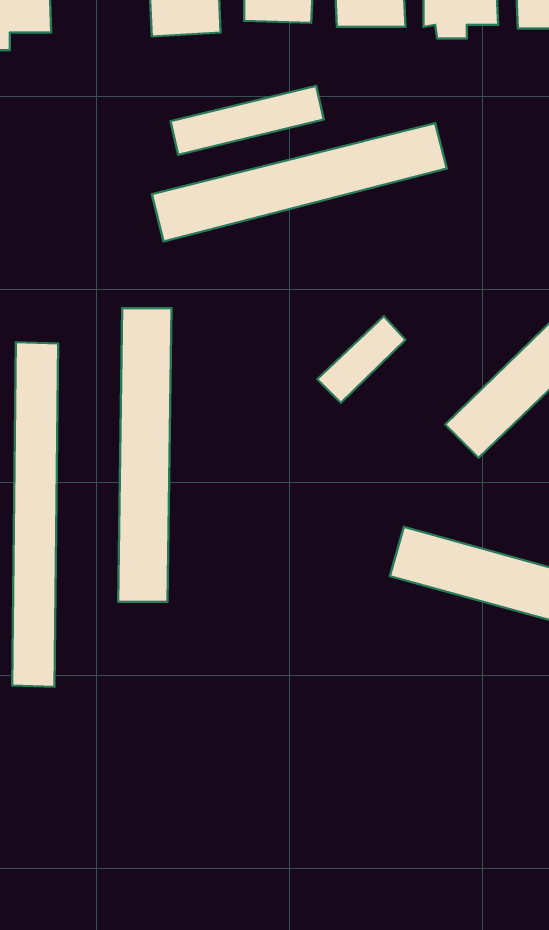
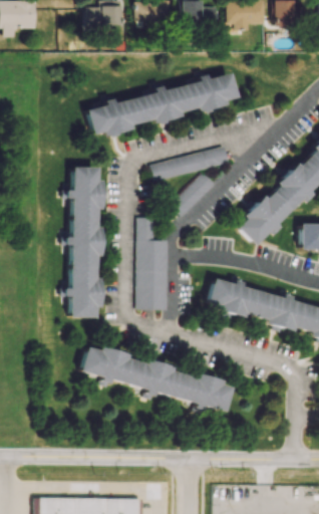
building: [170,86,324,155] -> [151,146,230,181]
building: [12,342,58,687] -> none
building: none -> [137,217,169,309]
building: none -> [82,345,232,410]

